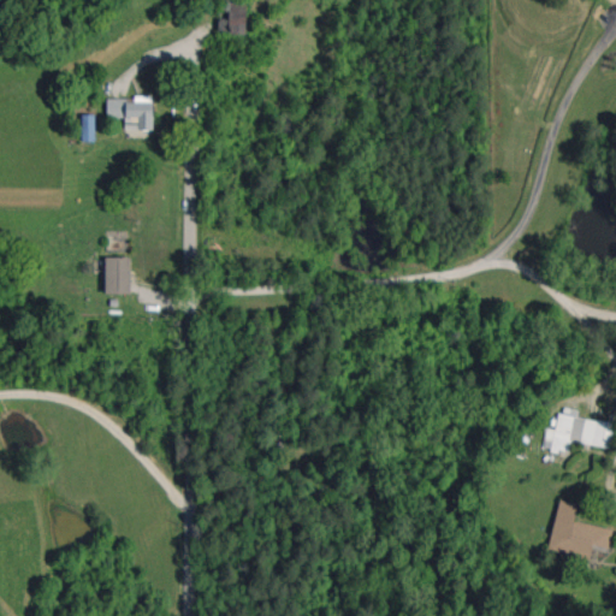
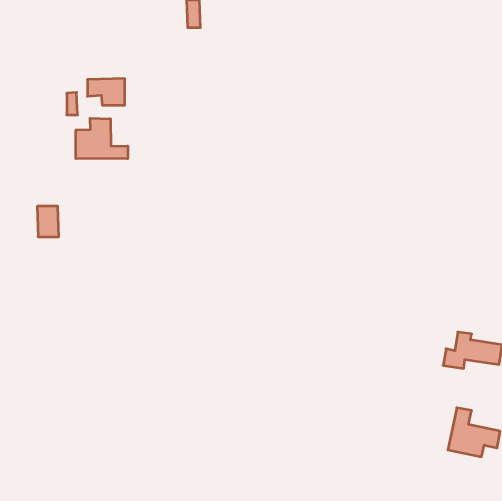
building: none -> [76,118,128,159]
building: [105,257,131,295] -> [37,206,59,237]

